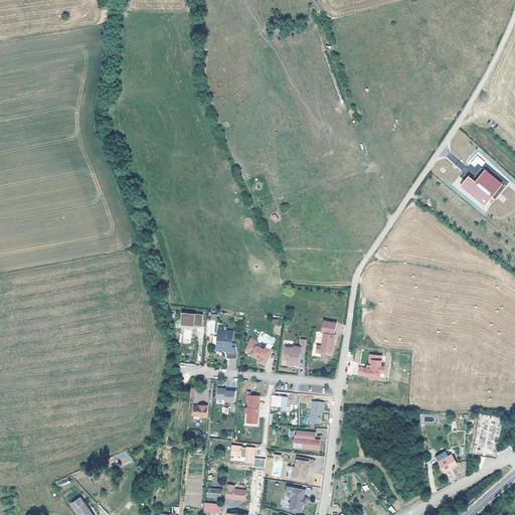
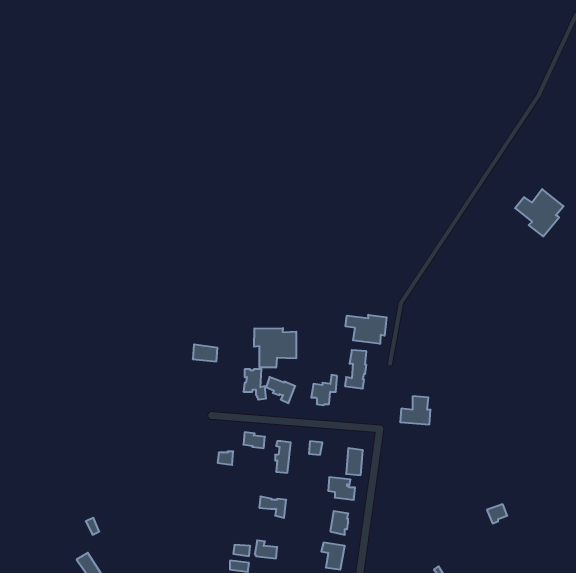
building: none -> [346,315,387,344]
building: none -> [254,328,296,368]

